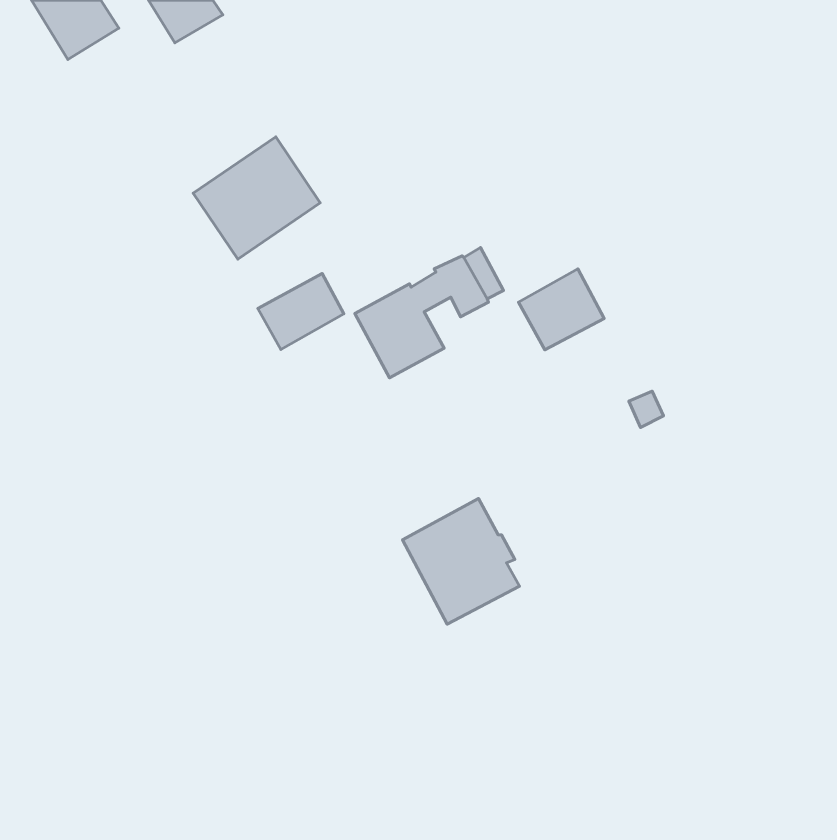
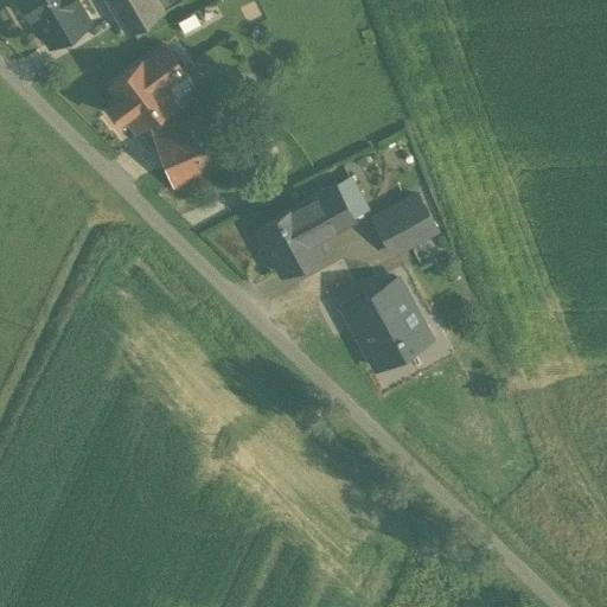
building: none -> [113,47,187,132]
building: [258,273,344,349] -> none
building: [402,499,520,624] -> [346,279,430,369]

